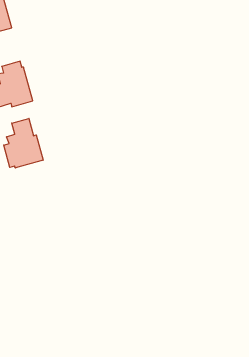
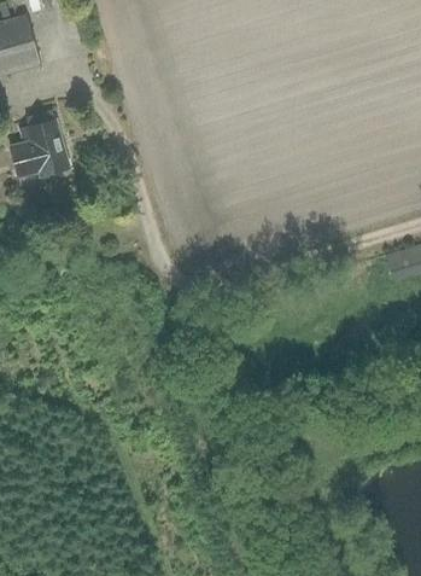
building: [4,118,43,168] -> none

